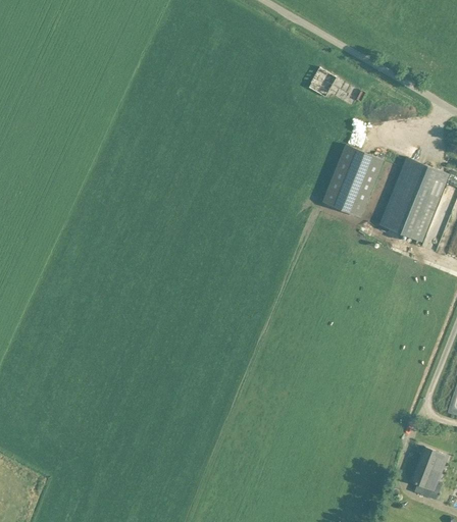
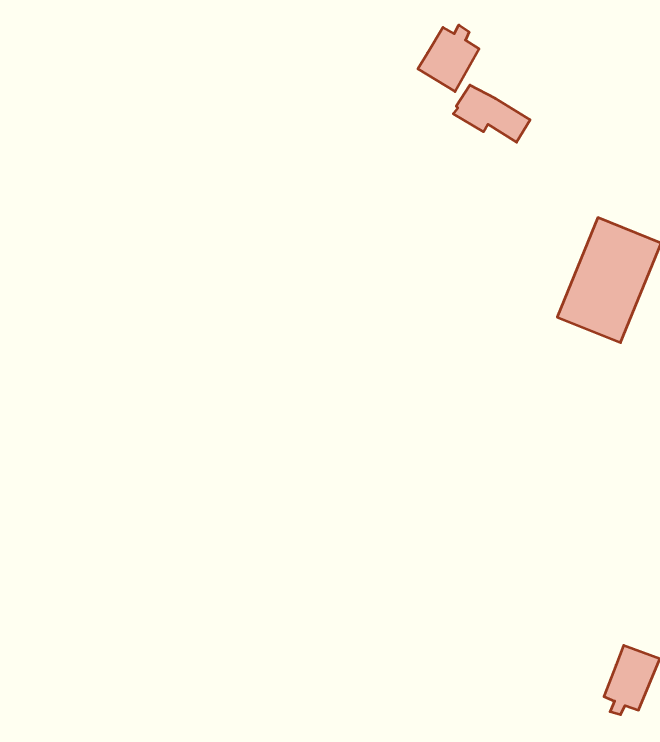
building: none -> [418,25,479,92]
building: [322,144,383,217] -> none

